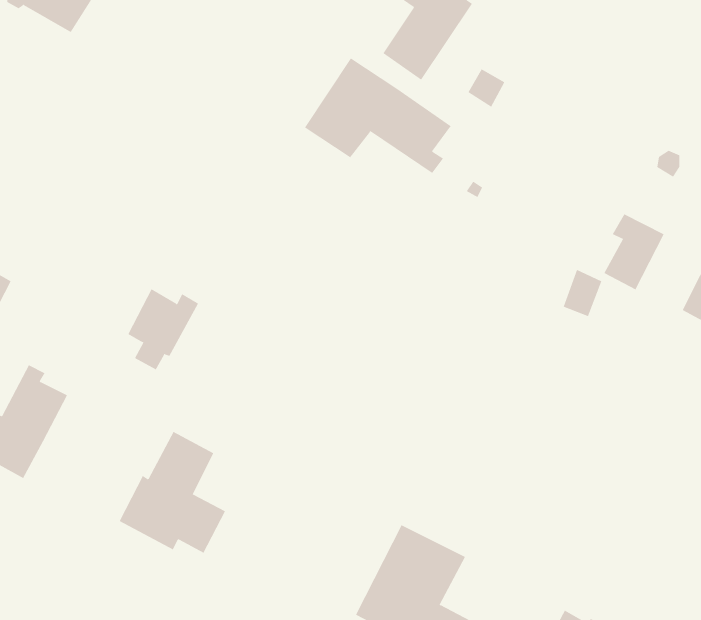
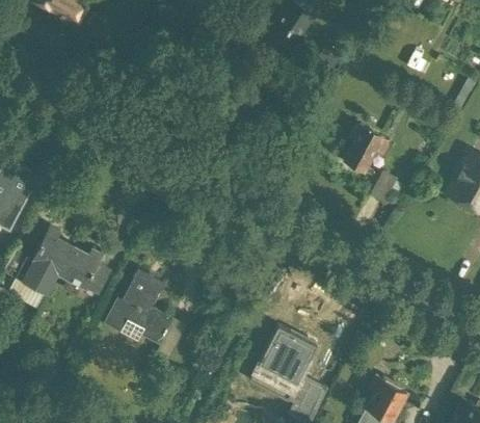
building: [304,57,452,174] -> none
building: [603,214,665,290] -> [345,125,382,171]
building: [127,288,199,370] -> [59,246,103,296]

